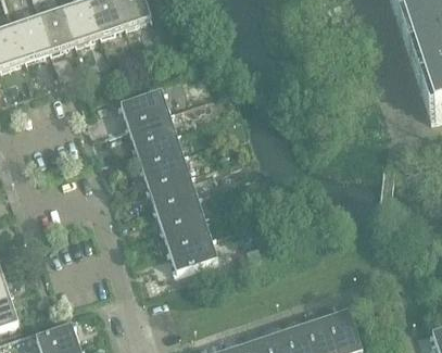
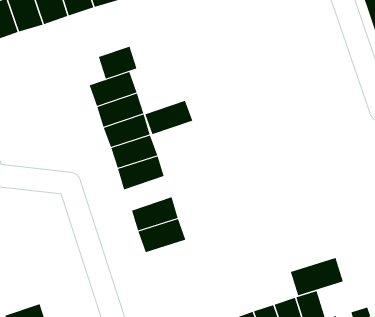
building: none -> [98,46,137,80]
building: [154,193,203,228] -> [144,100,193,135]
building: none -> [290,257,343,296]

